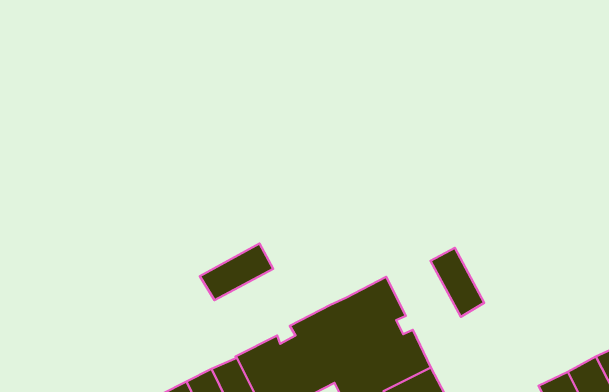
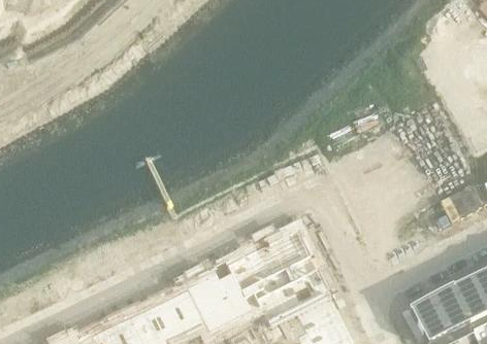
building: [200,244,273,300] -> none
building: [430,248,484,317] -> none

